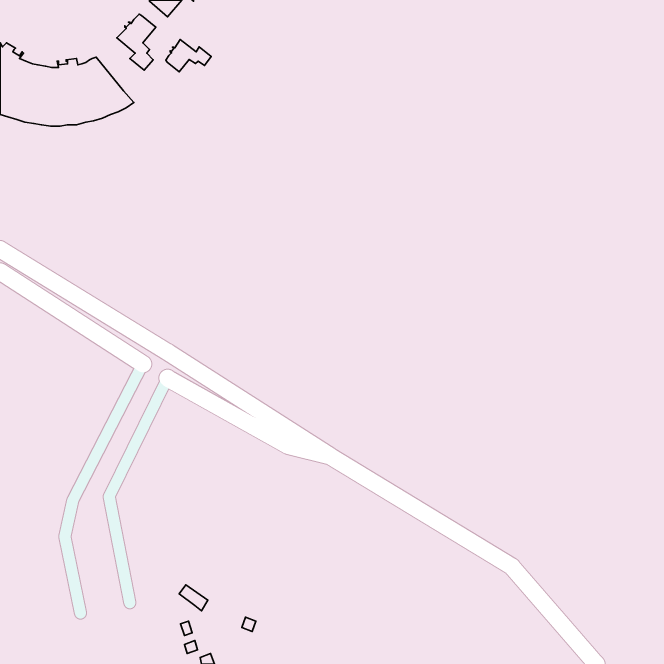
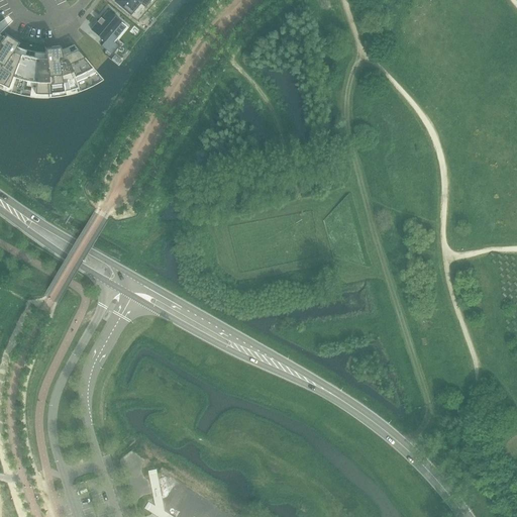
building: [166,39,211,72] -> none

